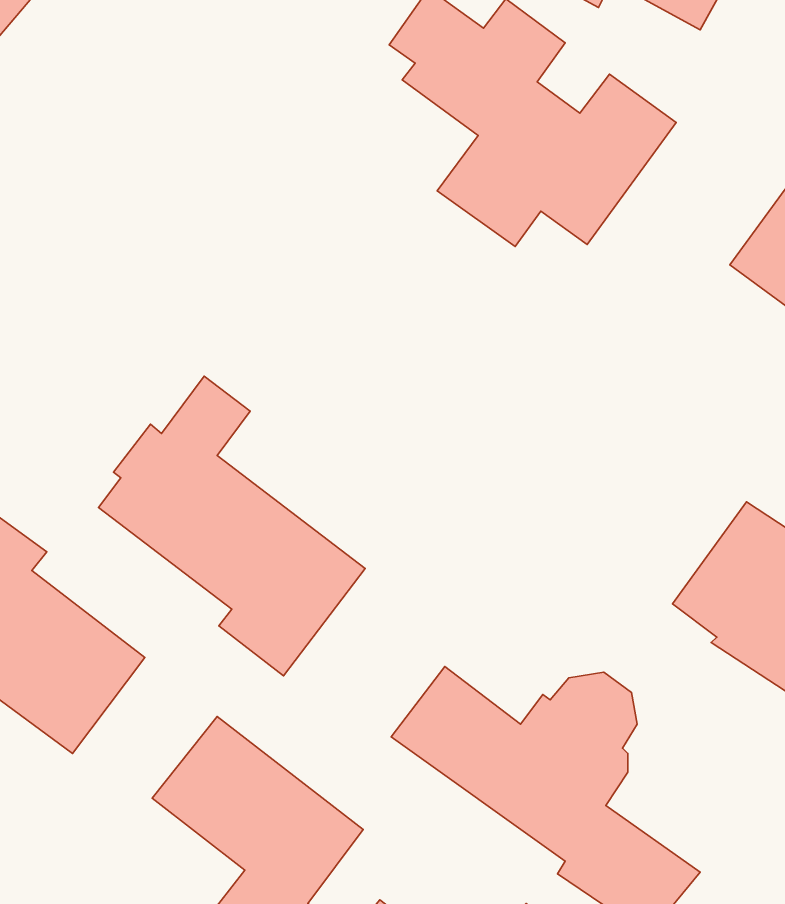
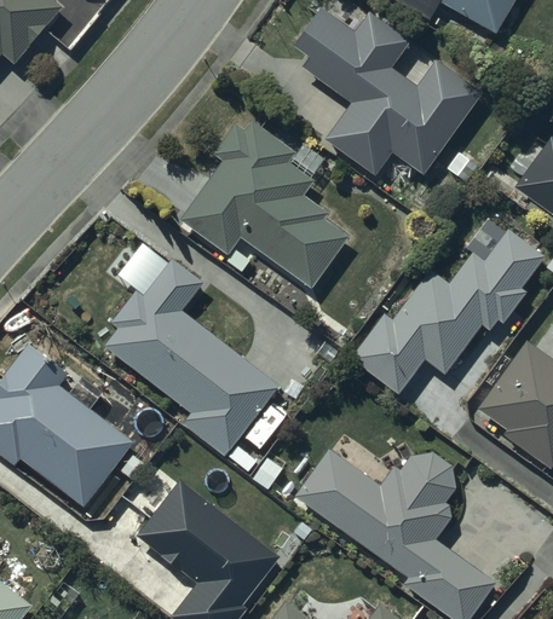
building: none -> [180,122,346,287]
building: none -> [348,230,545,393]

